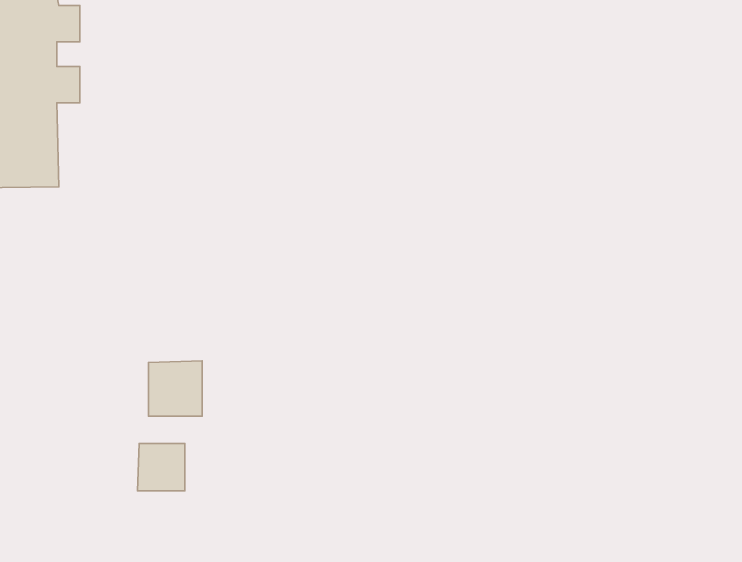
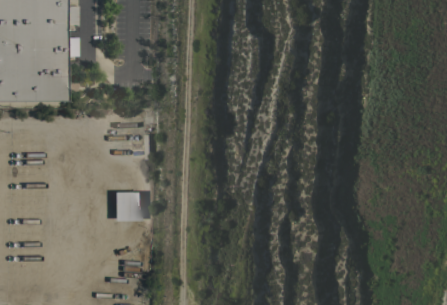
building: [138,444,185,491] -> none

